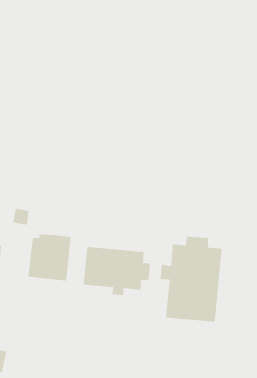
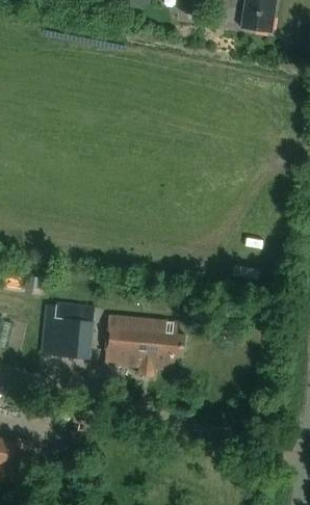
building: [160,236,222,323] -> none

